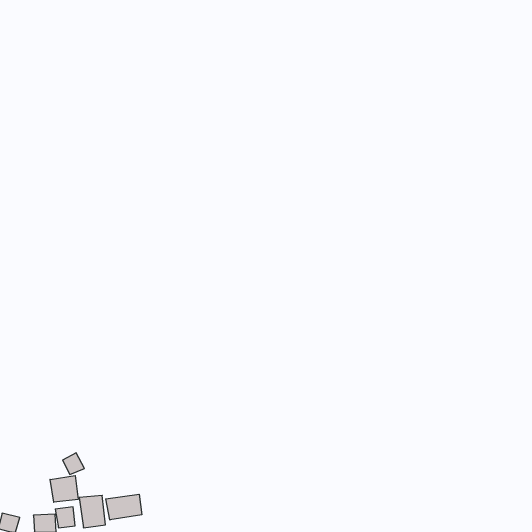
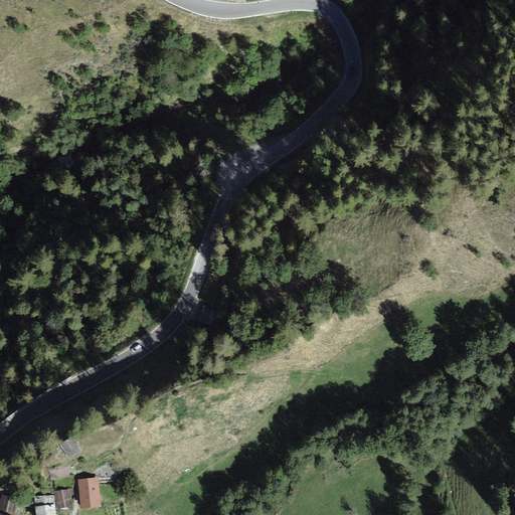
building: [50,476,78,502] -> none
building: [106,494,142,520] -> none

